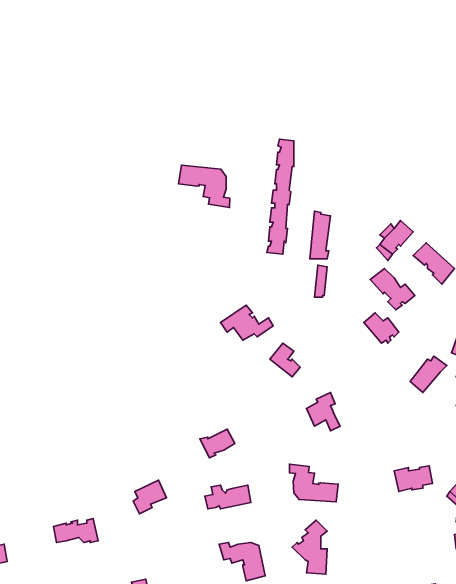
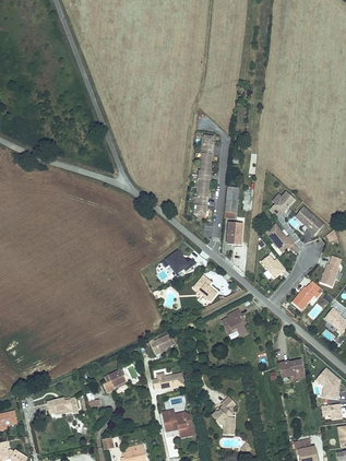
building: [179,165,230,208] -> none
building: [289,464,338,502] -> none

